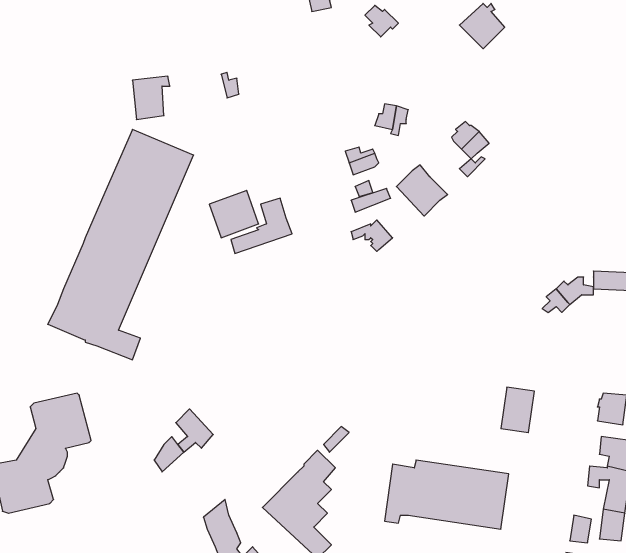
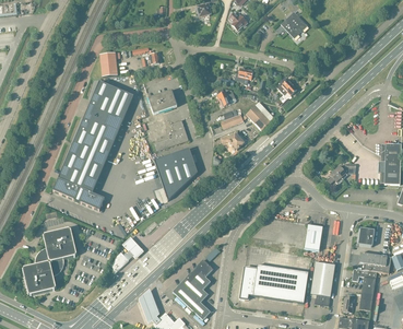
building: none -> [147,90,177,114]
building: none -> [154,149,198,200]
building: none -> [310,261,334,305]

